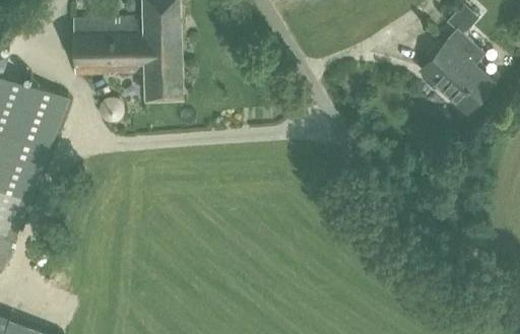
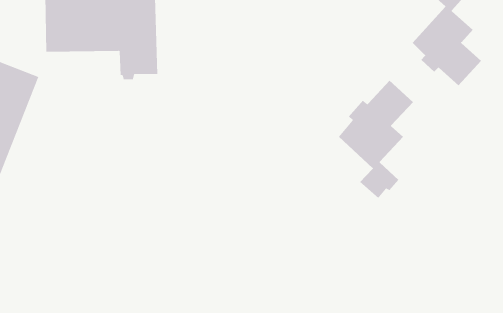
building: none -> [338,80,414,199]

